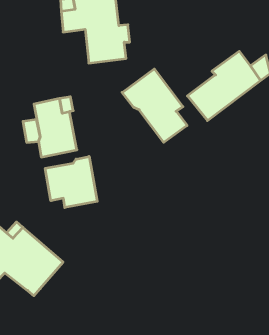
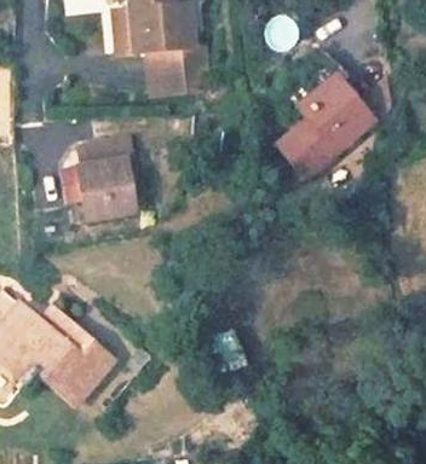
building: [122,69,187,142] -> none
building: [45,156,97,208] -> none

